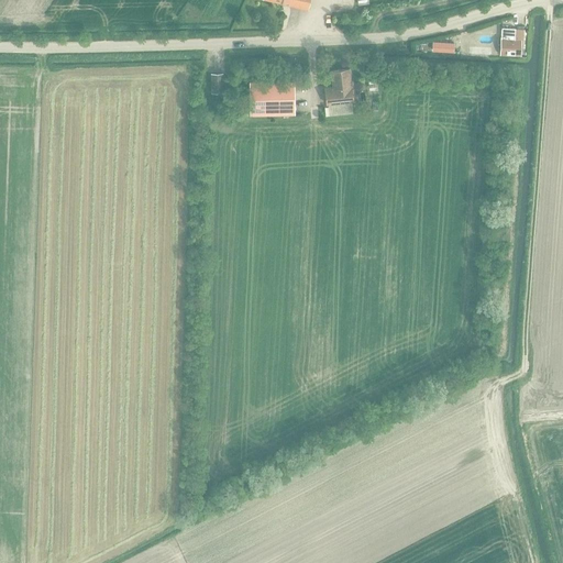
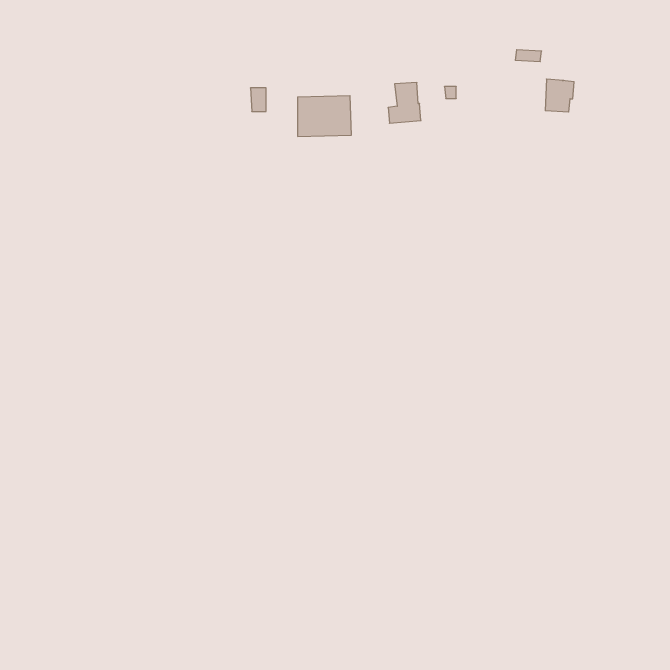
building: [500,27,525,55] -> [545,79,574,112]

